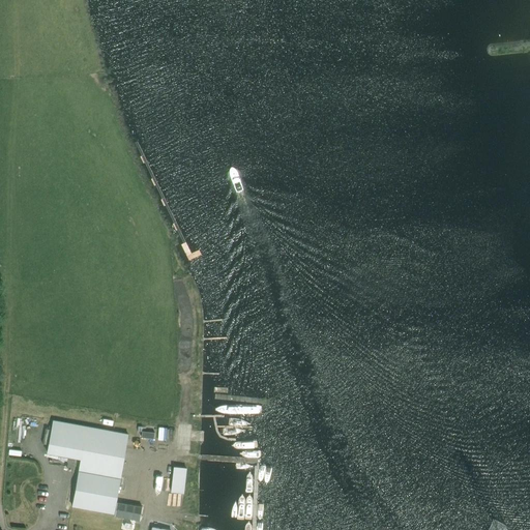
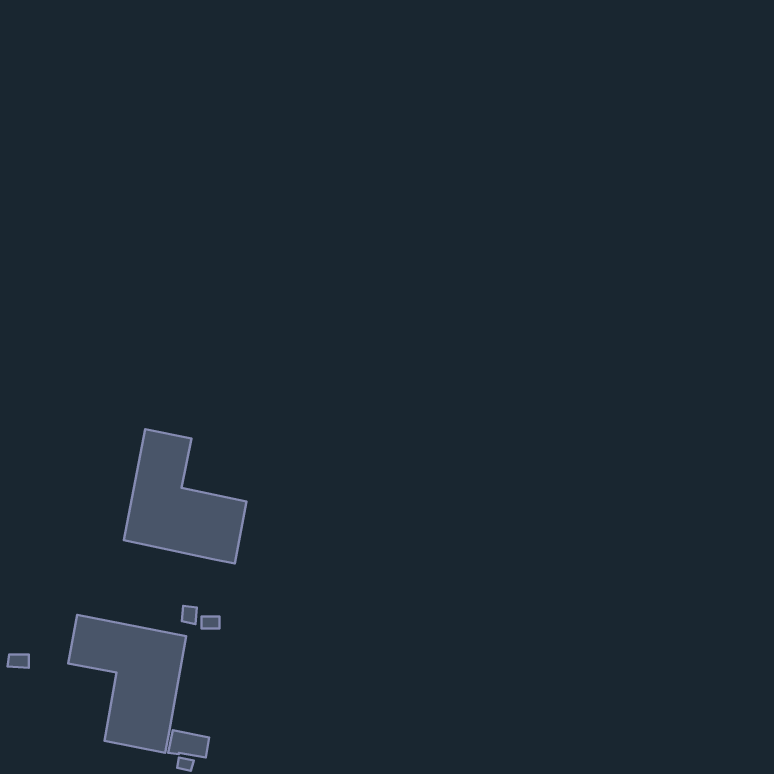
building: none -> [124,429,246,563]

